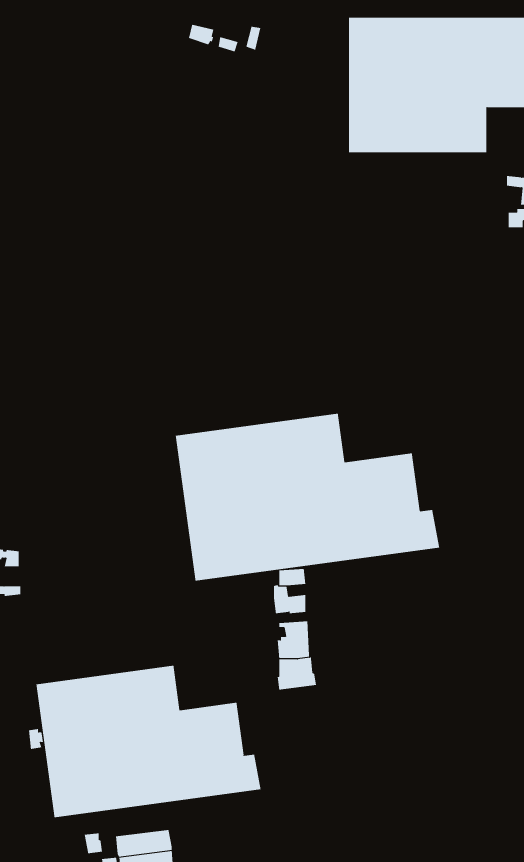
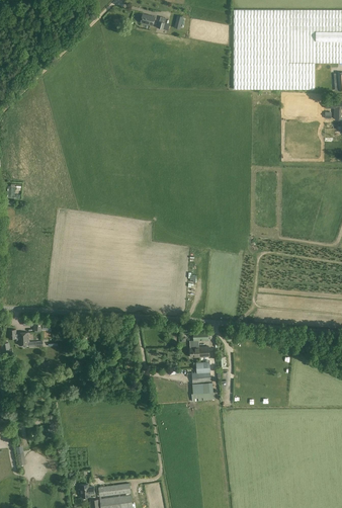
building: [175,413,440,582] -> none
building: [36,665,261,818] -> none

